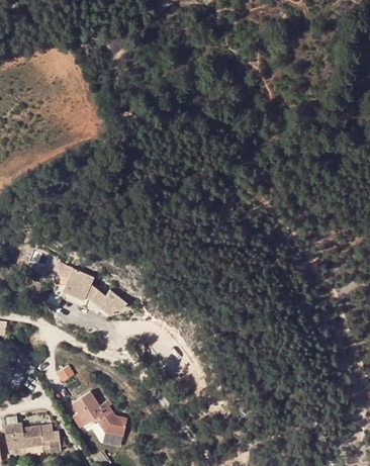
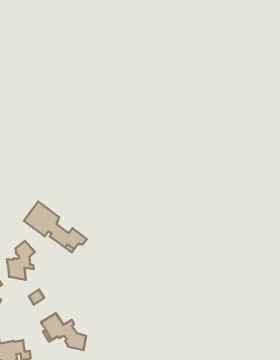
building: none -> [7,241,35,280]

